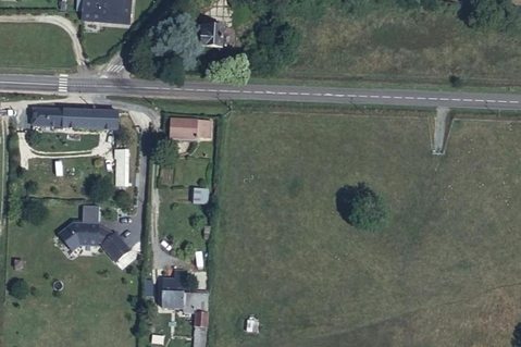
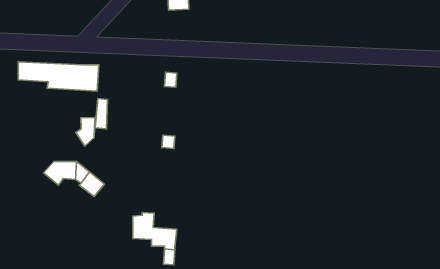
building: [172,114,196,137] -> none
building: none -> [76,118,95,146]

